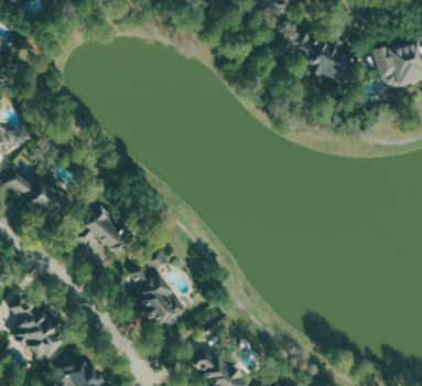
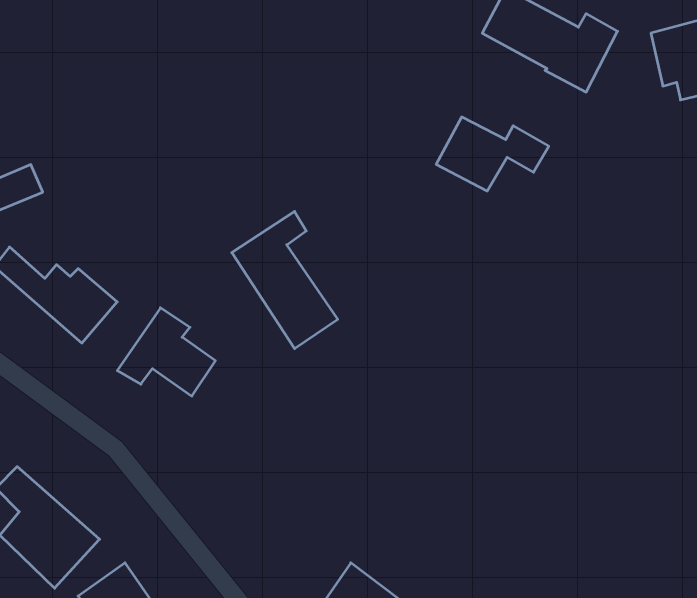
building: none -> [436,117,549,191]
building: [127,253,186,330] -> [232,211,338,349]

